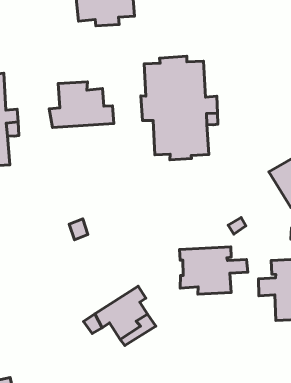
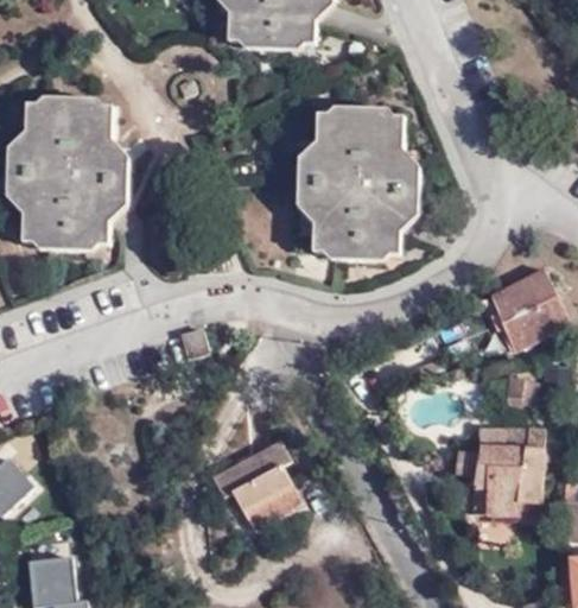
building: [49,82,114,128] -> none
building: [180,247,248,294] -> none

